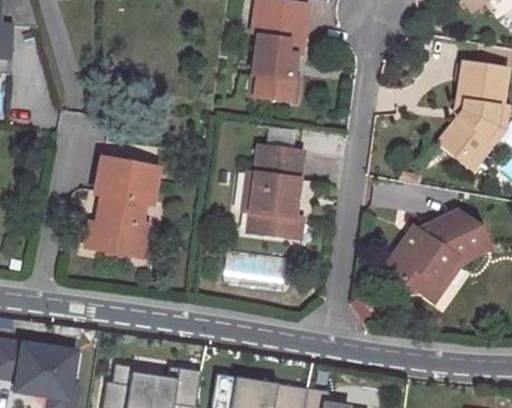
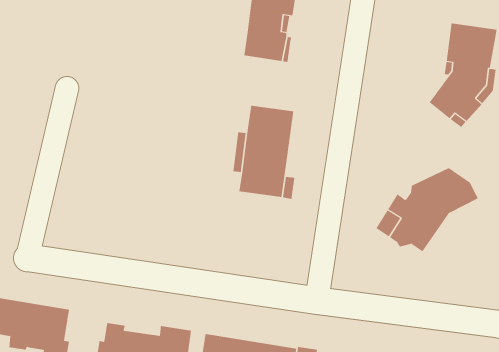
building: [88,162,157,259] -> none

